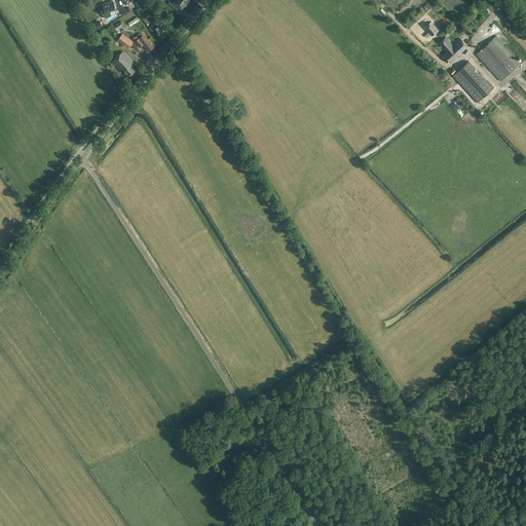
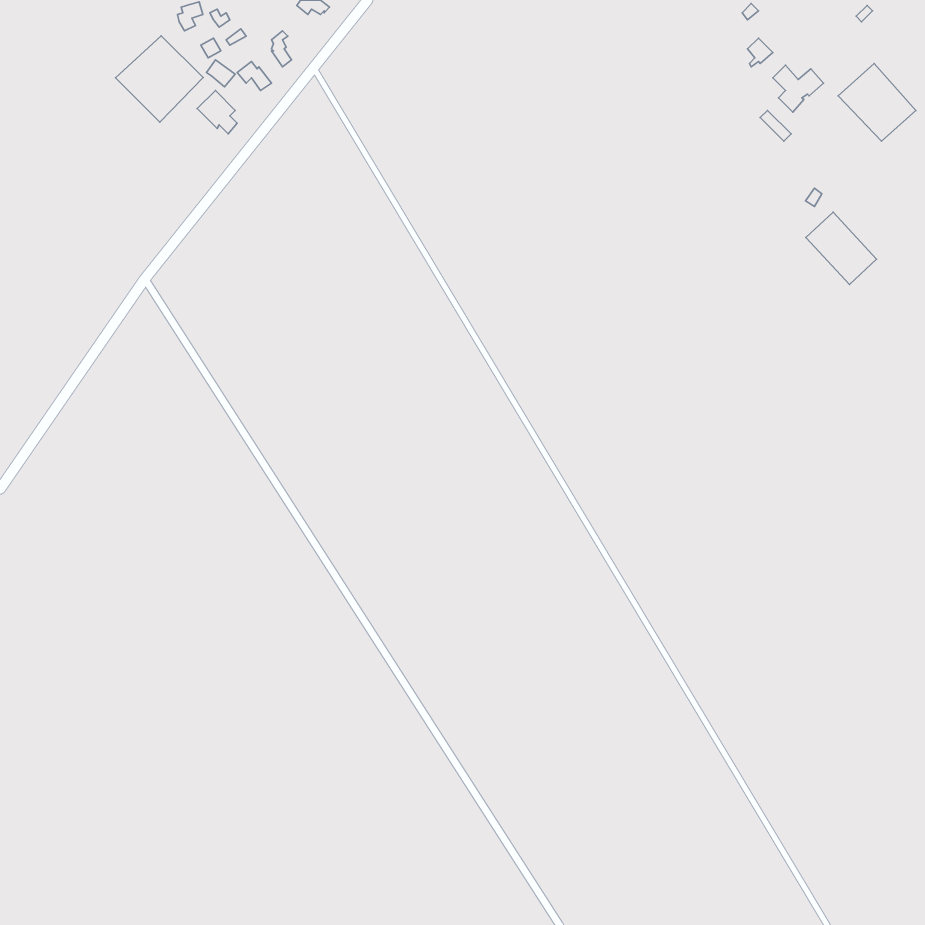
building: none -> [115,36,203,122]
building: [453,61,493,102] -> [806,212,877,284]

